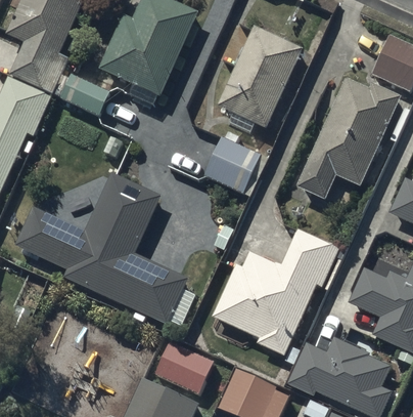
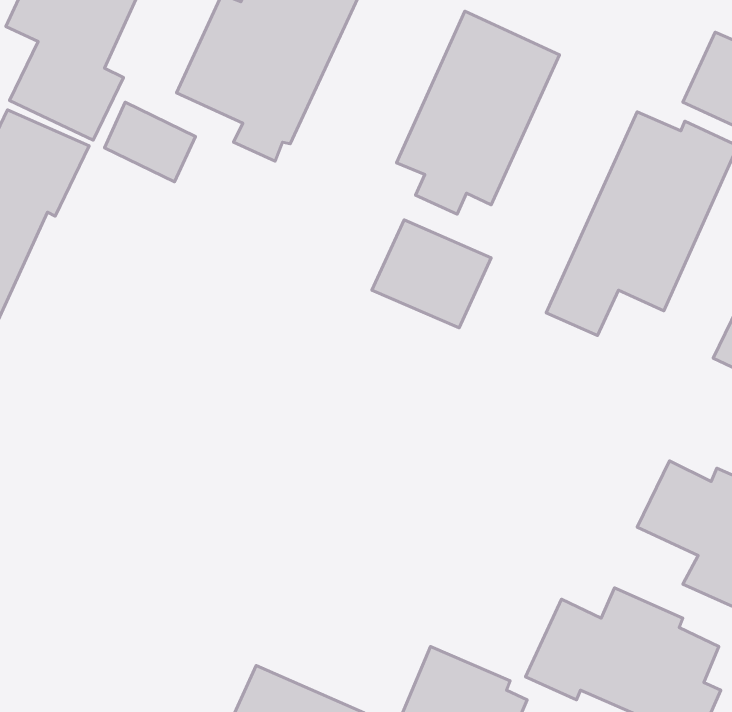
building: [14,173,187,323] -> none
building: [213,228,339,355] -> none
building: [154,340,214,393] -> none

